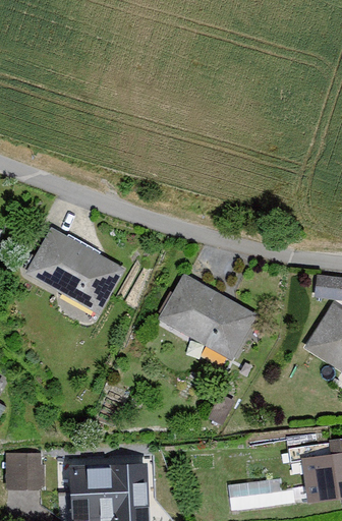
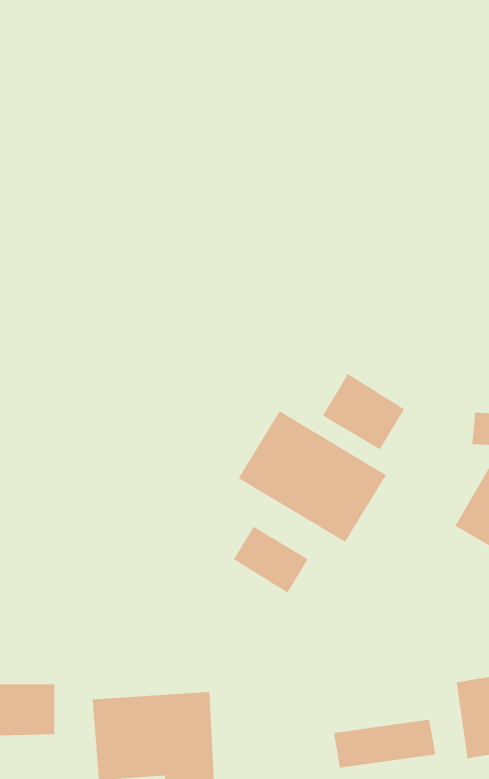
building: [27,231,121,314] -> none
building: none -> [322,373,405,450]
building: none -> [233,526,308,593]

